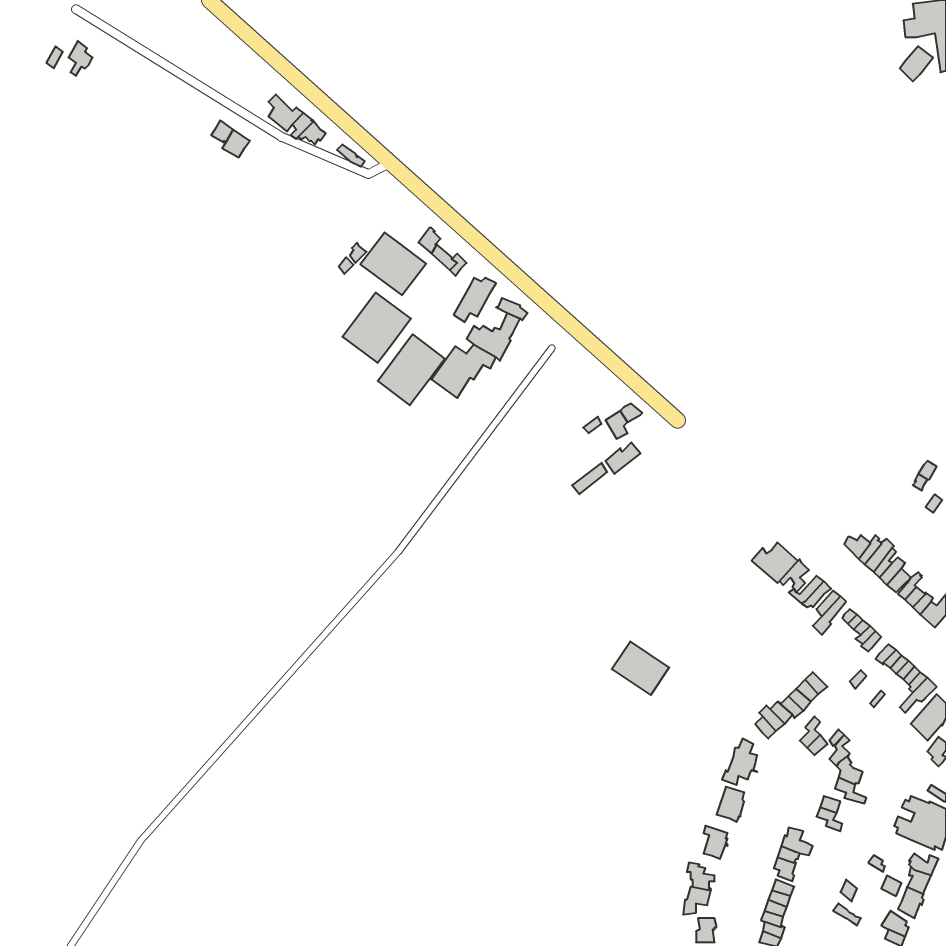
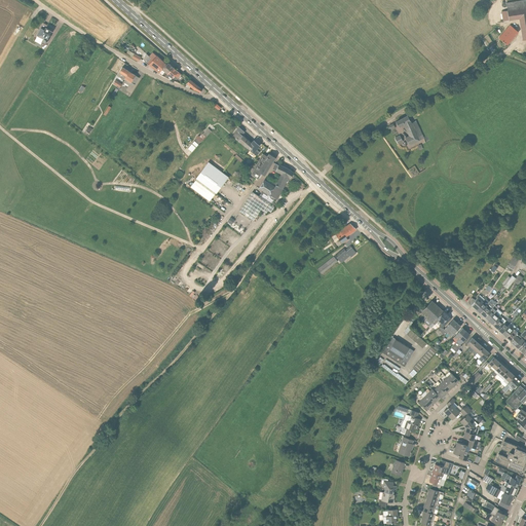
building: none -> [396,116,424,145]
building: [360,232,426,295] -> none
building: [378,334,445,405] -> none
building: [612,641,669,695] -> [382,337,414,367]

